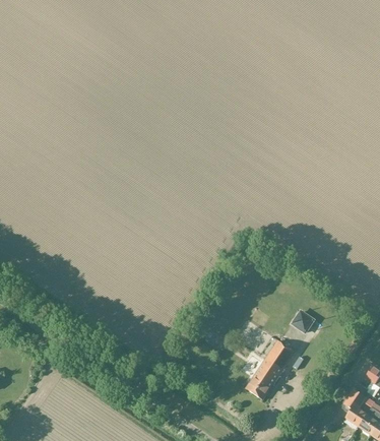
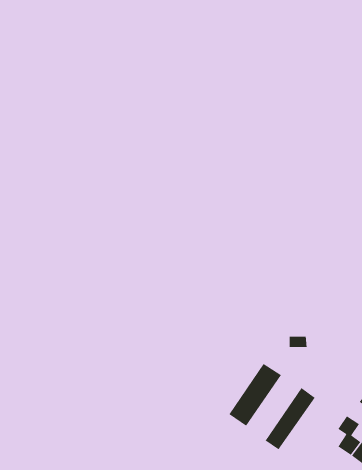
building: none -> [265,387,315,450]

